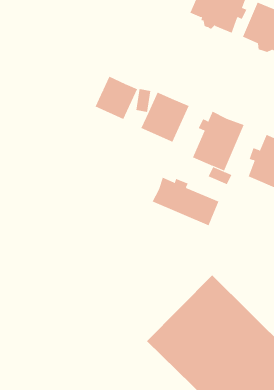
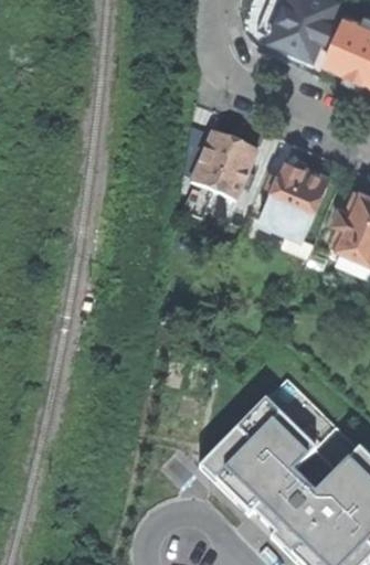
building: [95,76,138,120] -> none
building: [152,177,219,226] -> none

